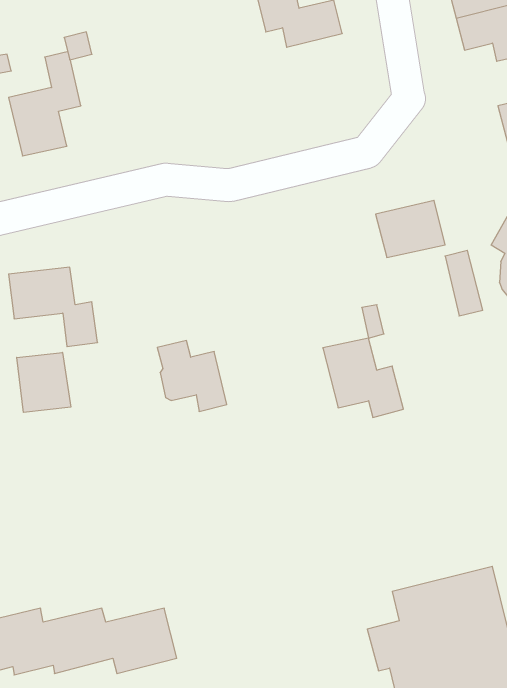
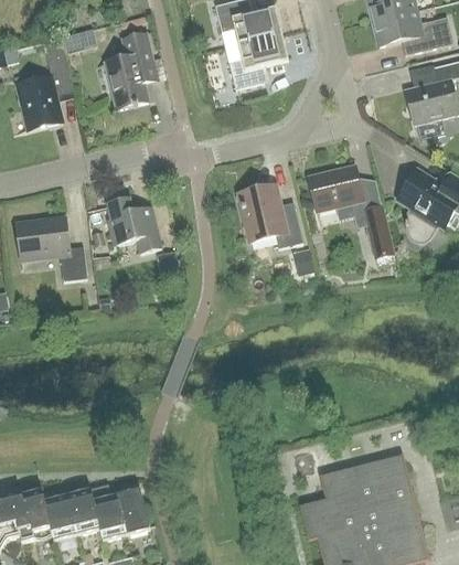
building: none -> [105,32,158,108]
building: none -> [228,32,288,88]
building: [323,338,403,417] -> [238,184,302,247]
building: [157,341,227,411] -> [106,196,161,253]
building: [17,352,71,412] -> none

